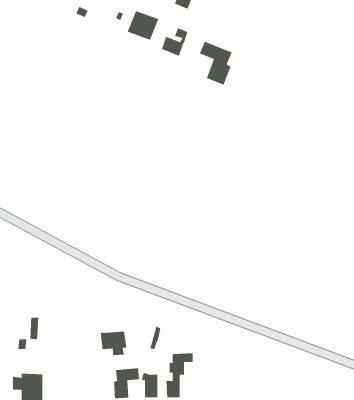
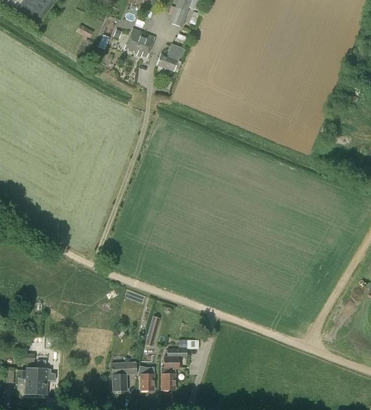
building: [199,41,232,85] -> none
building: [100,331,127,356] -> none

